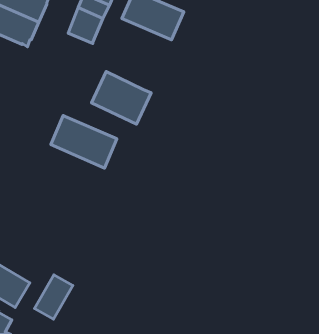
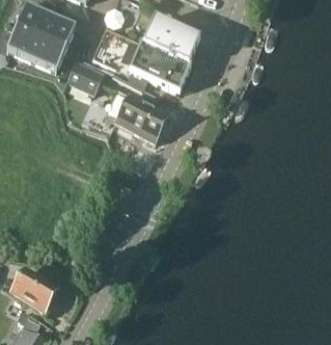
building: none -> [66,60,102,92]
building: [51,115,117,168] -> [129,43,190,91]
building: [34,275,73,319] -> none

